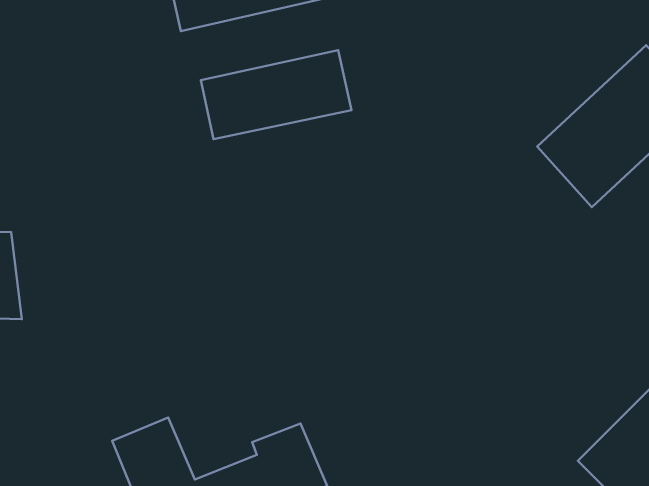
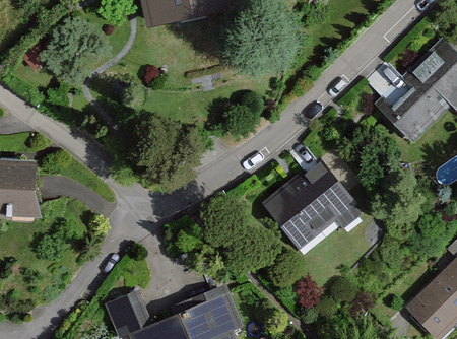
building: [201,50,352,139] -> none
building: none -> [262,159,365,251]

